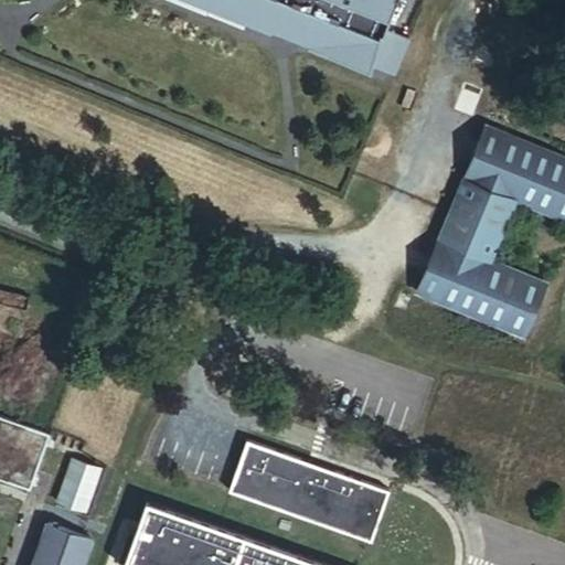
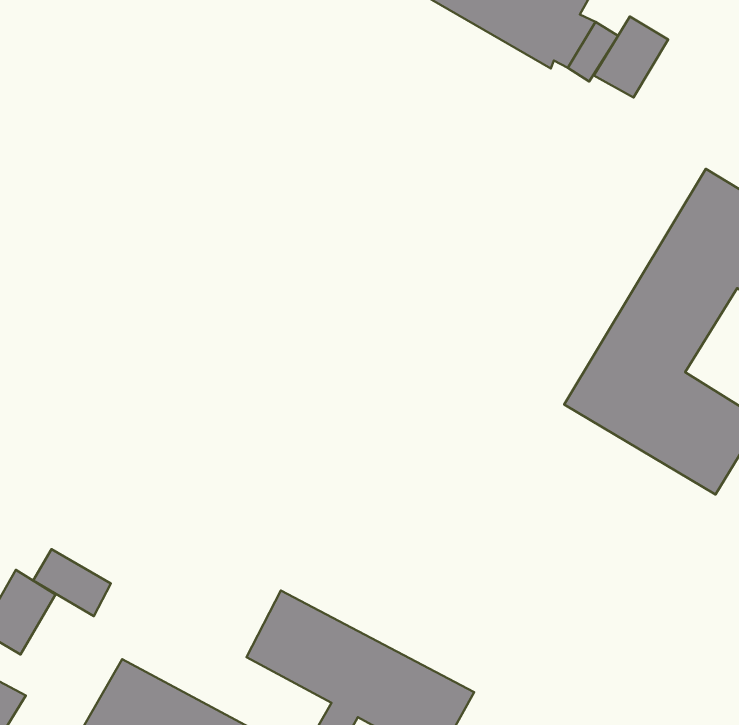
building: none -> [594,17,668,97]
building: none -> [33,549,111,616]

